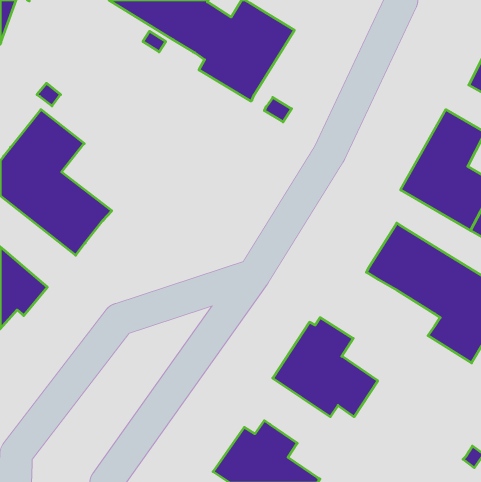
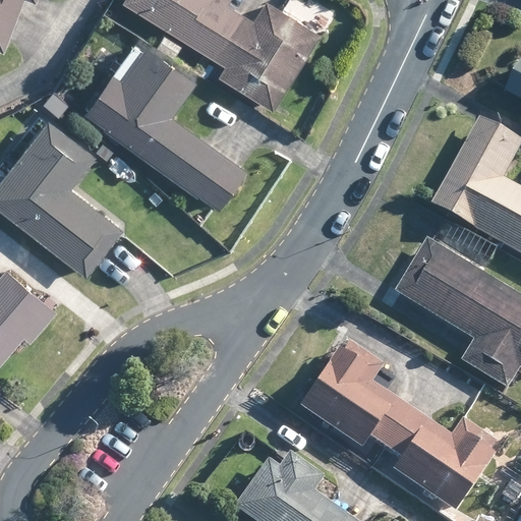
building: none -> [82,41,245,209]
building: none -> [377,411,496,515]

